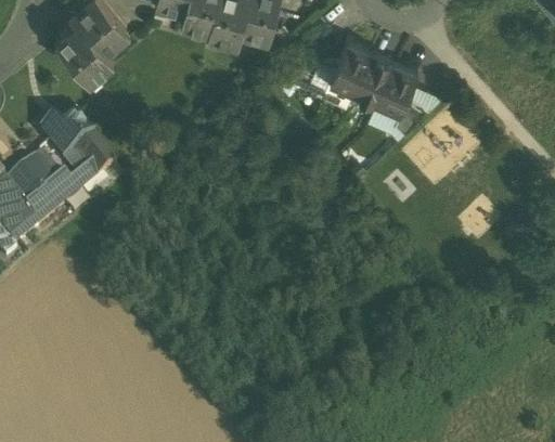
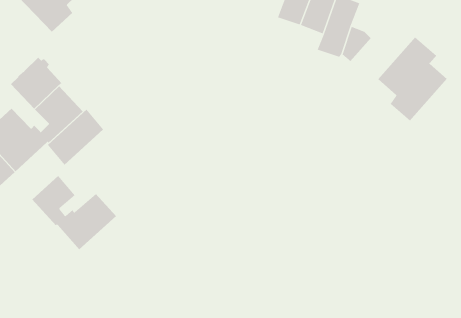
building: none -> [378,36,448,121]
building: none -> [47,109,104,165]
building: none -> [31,175,117,250]

